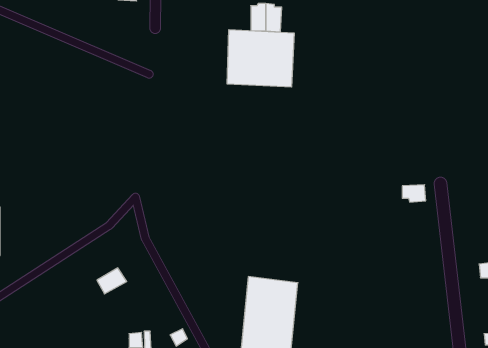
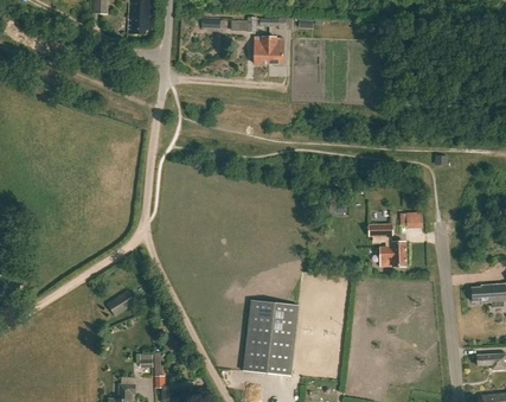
building: [227,30,294,87] -> none
building: none -> [367,223,404,266]

